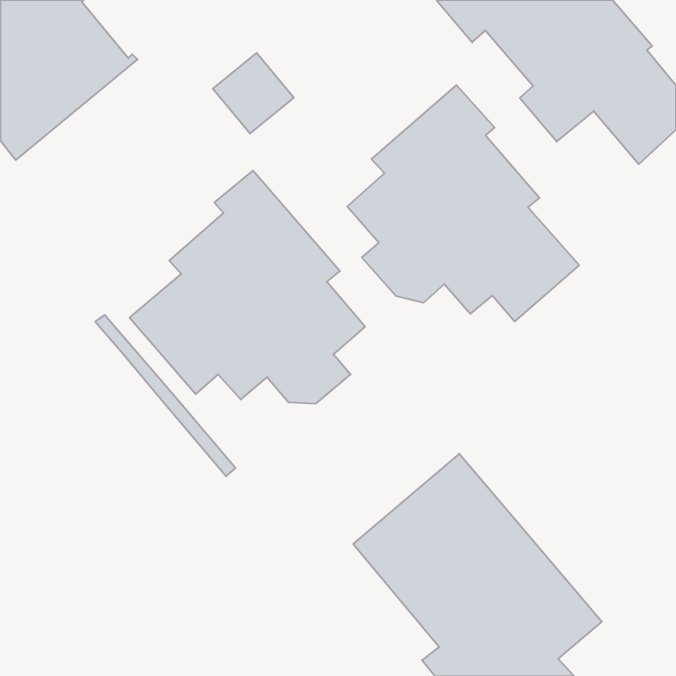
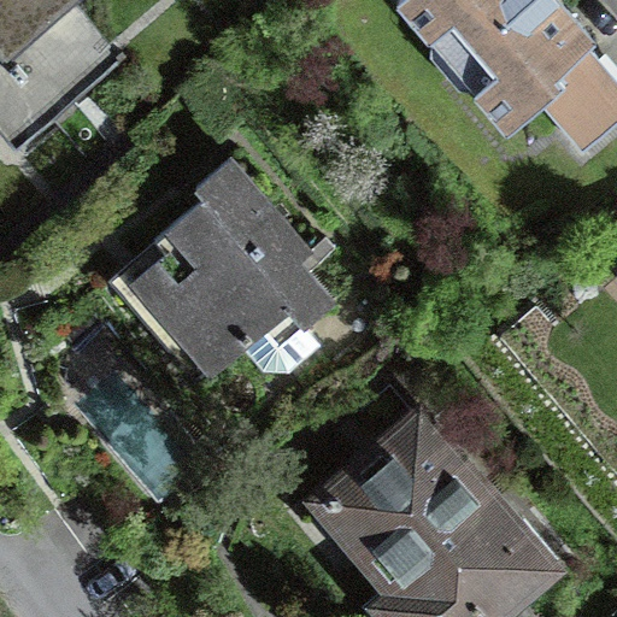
building: [347,85,579,322] -> none

